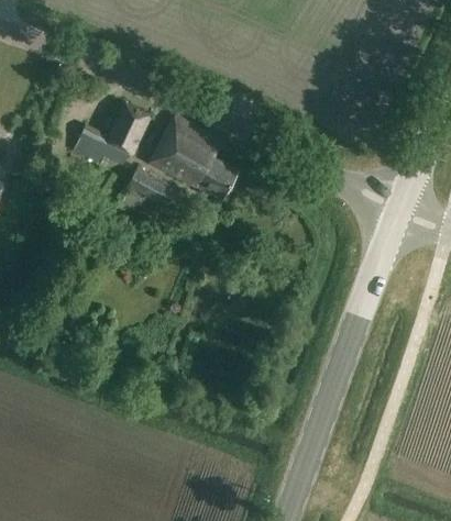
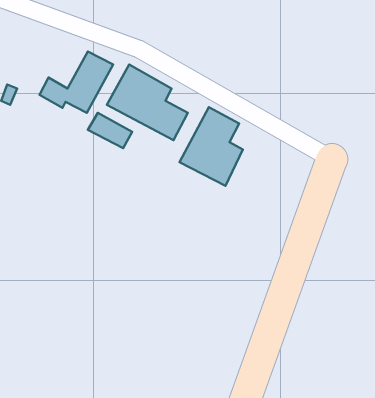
building: none -> [180,107,243,186]

